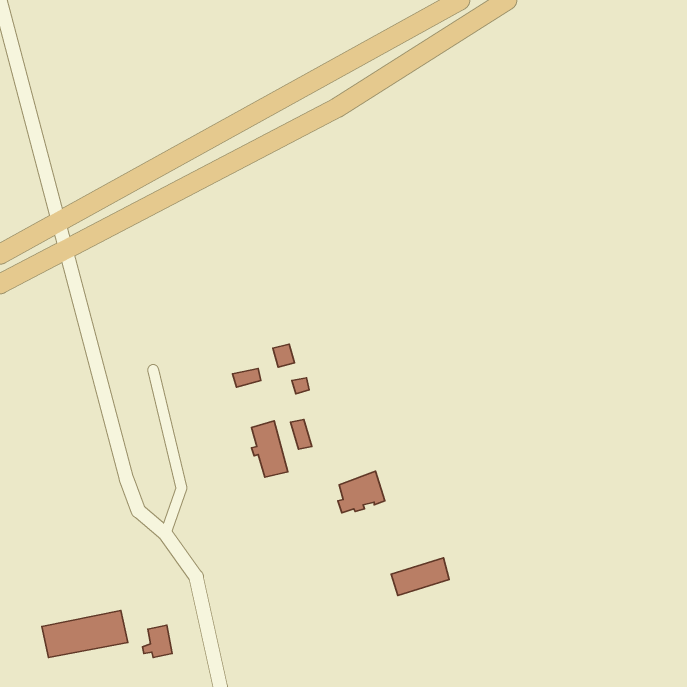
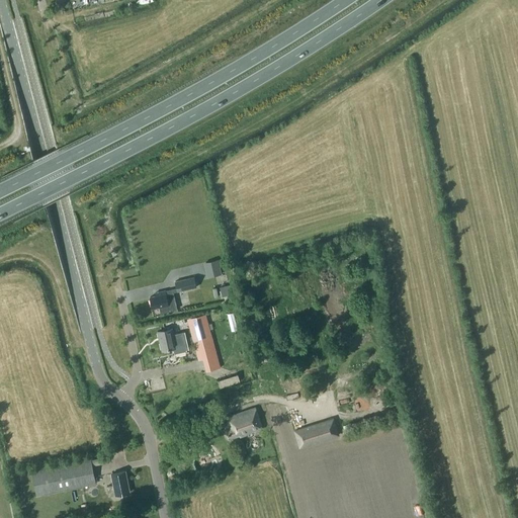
building: none -> [150,290,177,313]
building: none -> [158,328,188,353]
building: [338,471,385,513] -> [227,407,262,438]

